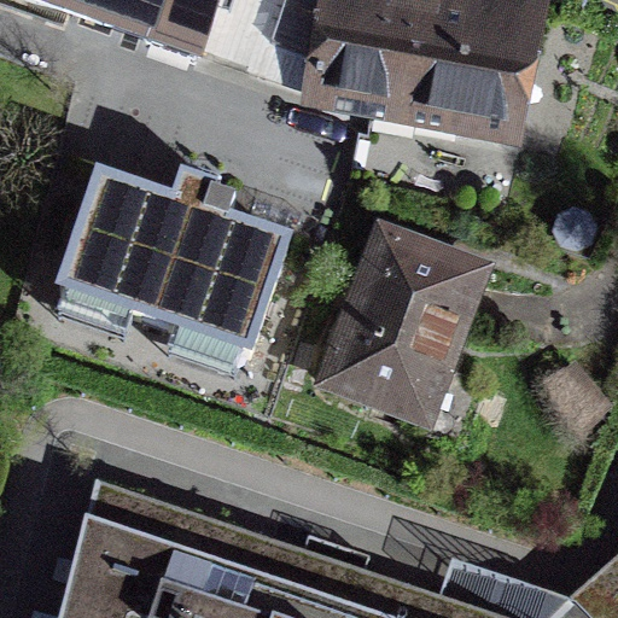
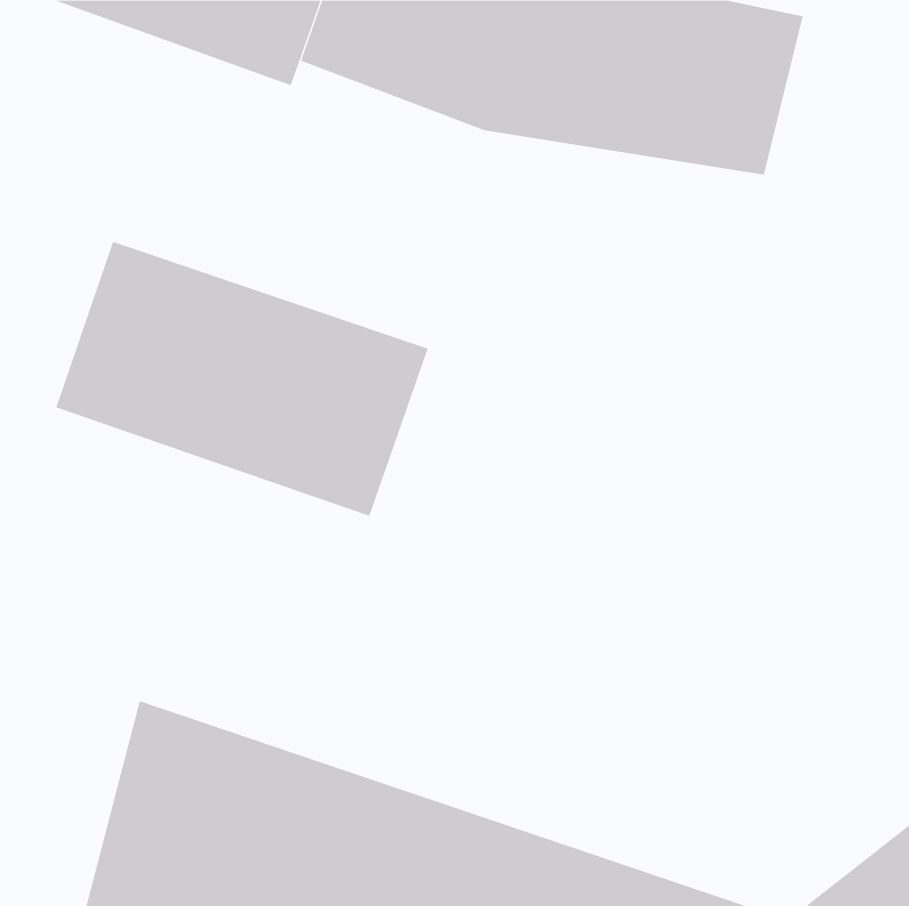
building: [309,217,494,433] -> none

